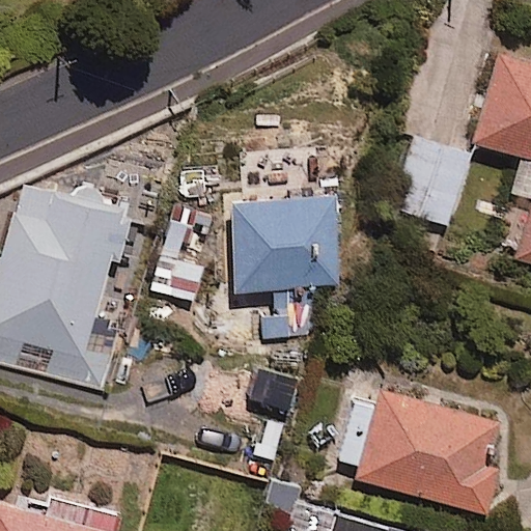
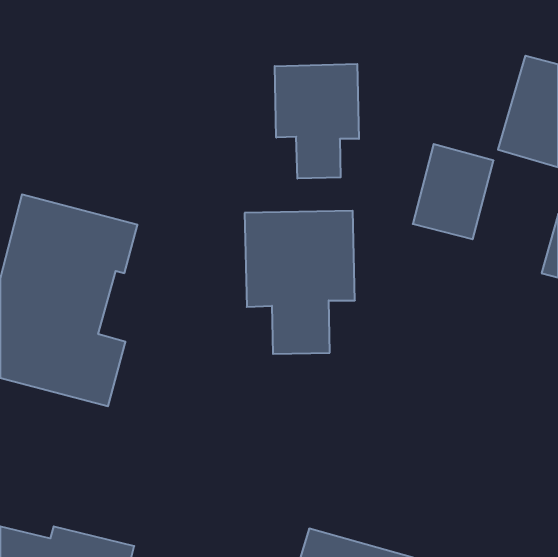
building: none -> [275,64,359,179]
building: [334,390,500,515] -> none

